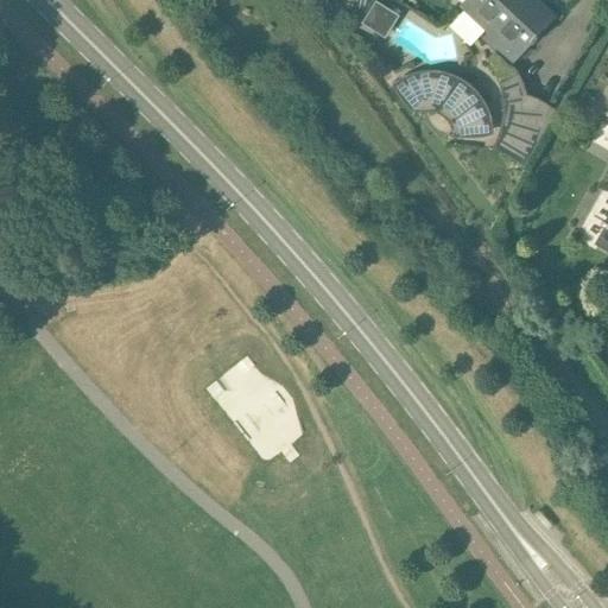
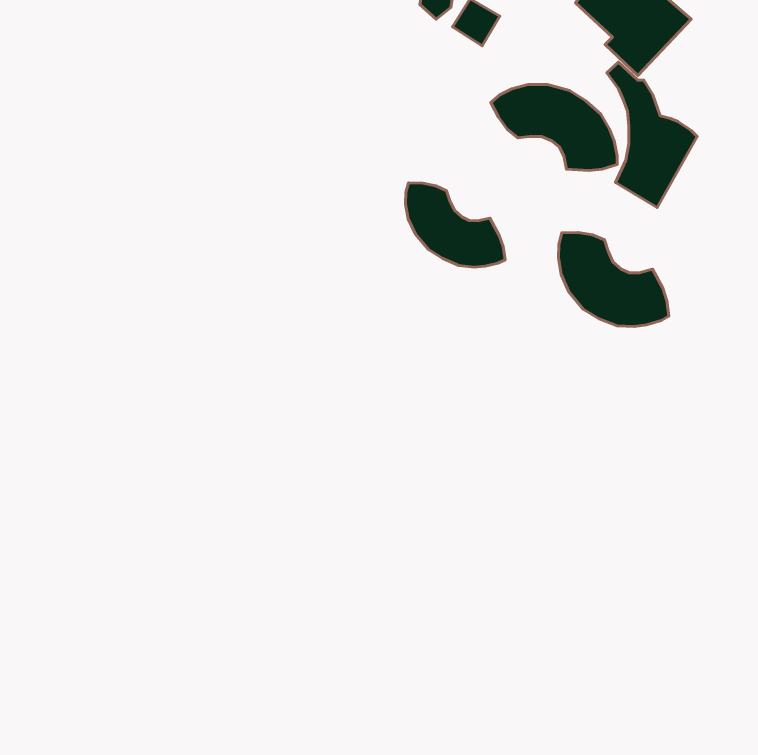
building: none -> [406,183,505,267]
building: none -> [558,233,669,327]

